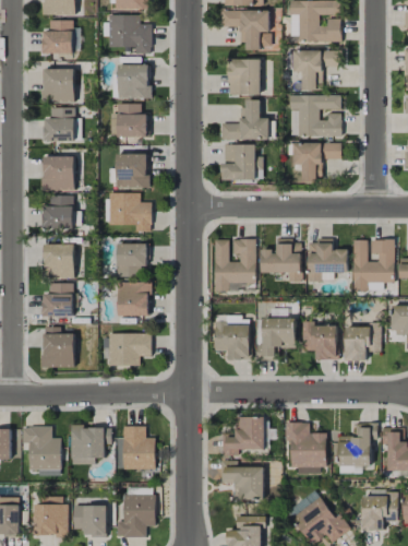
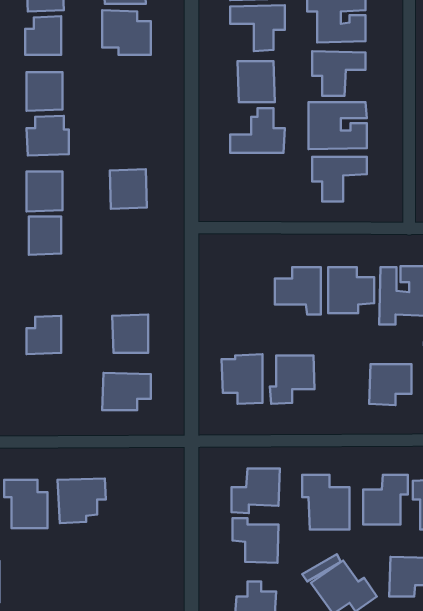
building: [119,64,149,98] -> none
building: [117,104,147,138] -> none
building: [223,144,263,180] -> none
building: [108,192,152,232] -> none
building: [214,239,255,289] -> none
building: [45,244,75,277] -> none
building: [117,244,147,276] -> none
building: [302,321,337,359] -> none
building: [43,327,74,367] -> none
building: [123,426,155,470] -> none
building: [117,495,155,537] -> none
building: [35,496,68,535] -> none
building: [73,505,107,537] -> none

